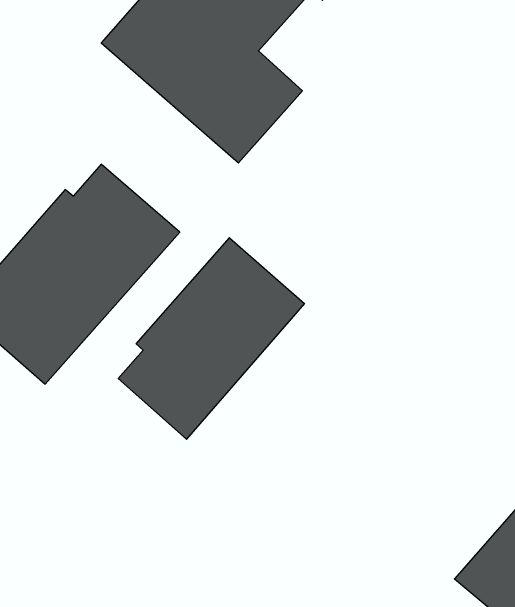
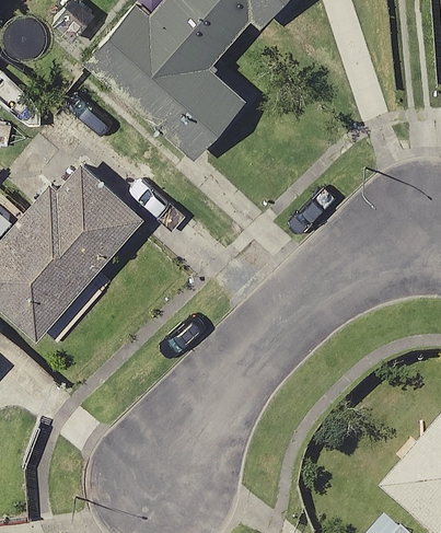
building: [118,238,304,439] -> none

